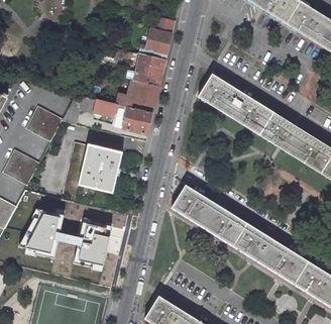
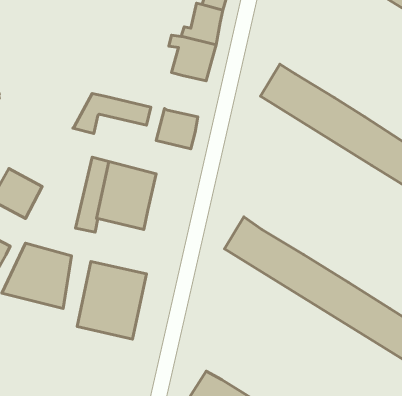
building: [117,79,158,106] -> none
building: [26,104,63,140] -> none

